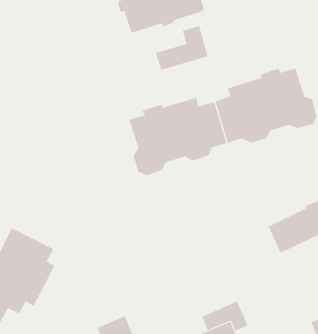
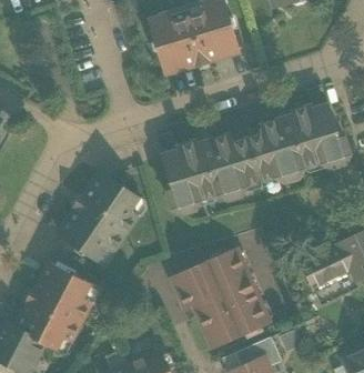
building: [155,25,208,70] -> none
building: none -> [59,171,138,258]
building: none -> [172,248,269,346]

